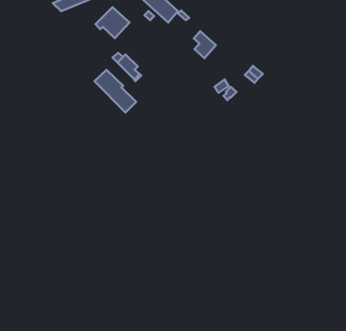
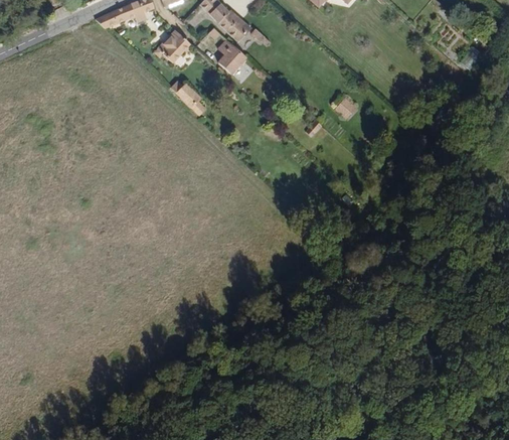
building: [194,31,216,58] -> [219,40,246,74]
building: [94,70,136,112] -> none

